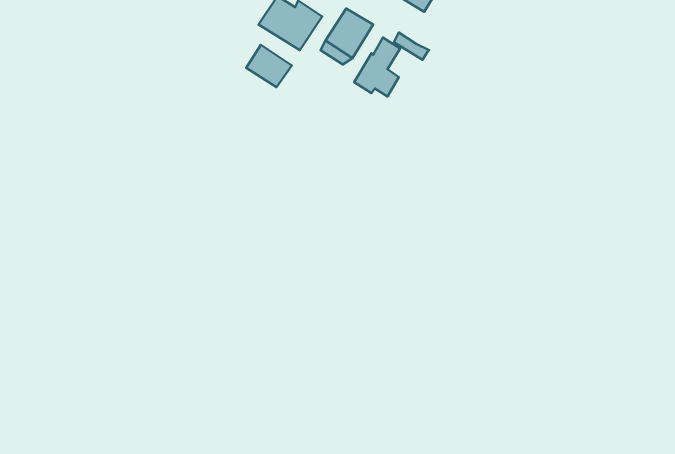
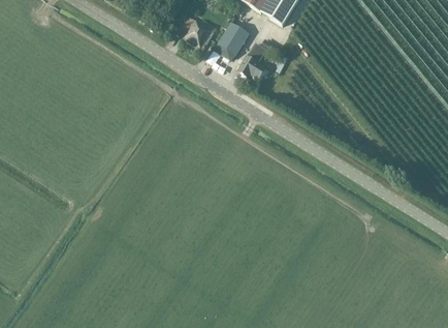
building: [246,45,292,87] -> none

